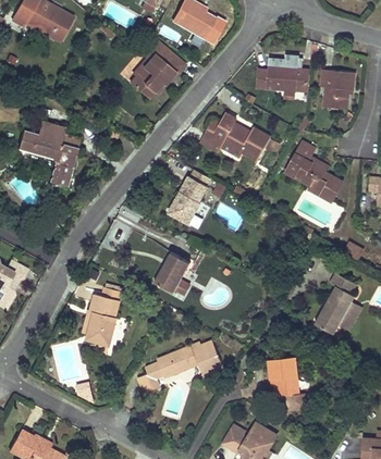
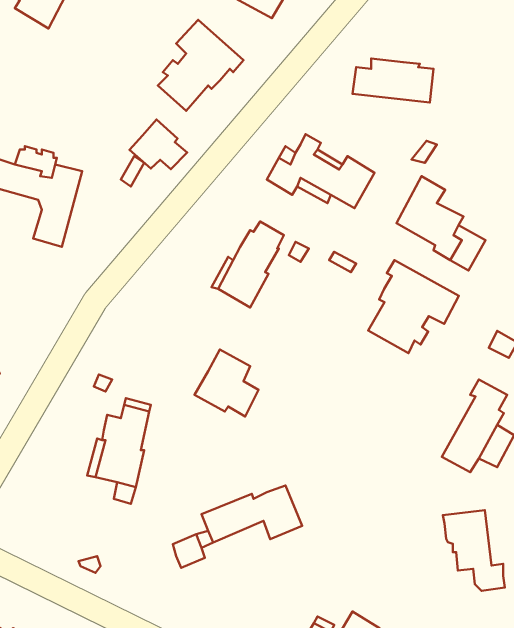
building: [321,70,355,109] -> none
building: none -> [130,120,187,169]
building: none -> [368,260,459,353]
building: [266,358,306,410] -> [443,510,505,591]

